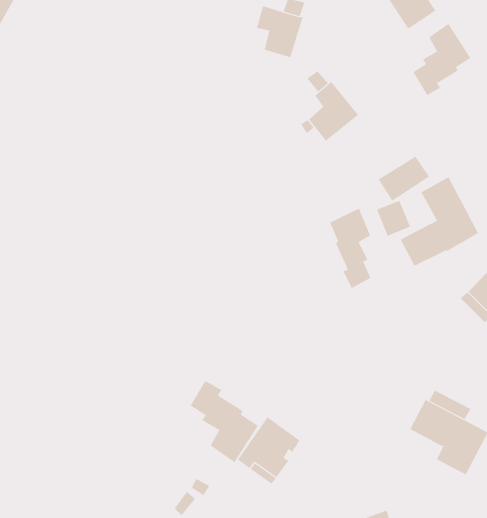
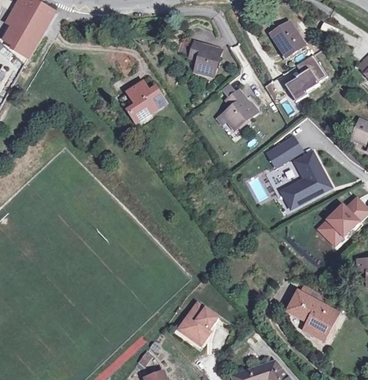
building: none -> [128,82,165,122]
building: [329,208,371,289] -> none
building: [190,380,259,463] -> none

